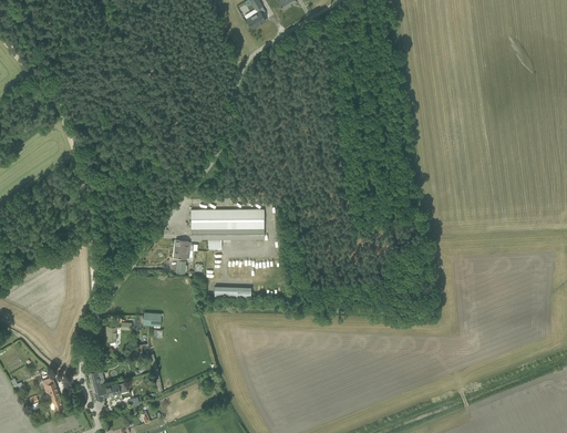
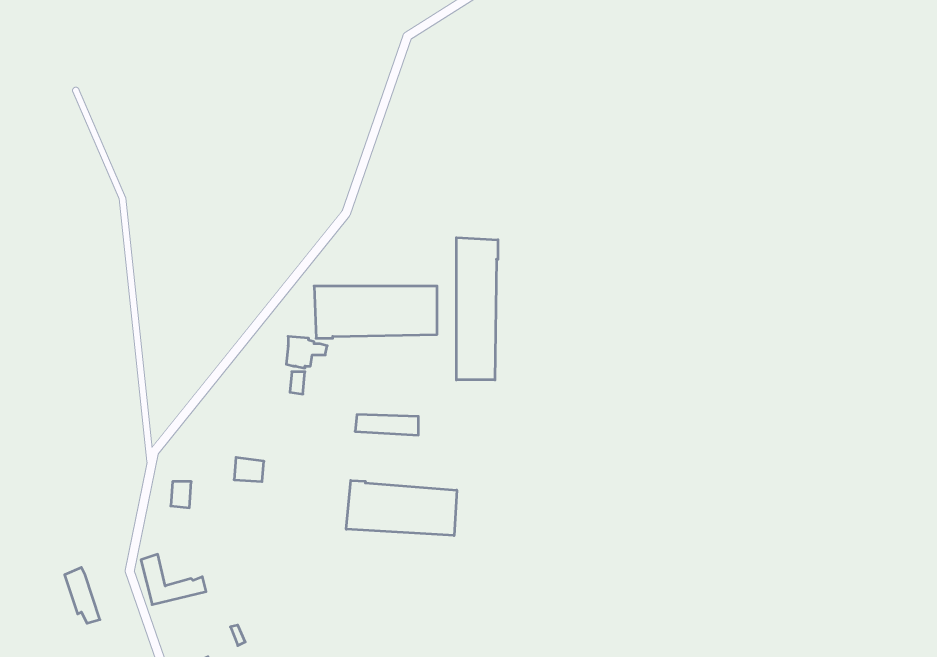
building: none -> [456,238,498,380]
building: none -> [346,480,457,536]

